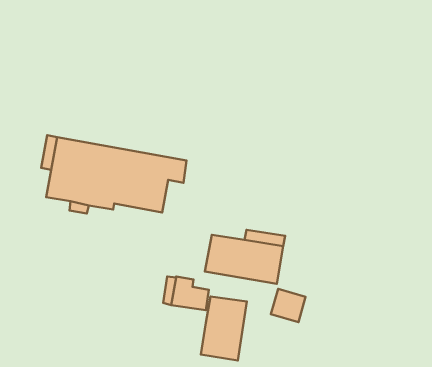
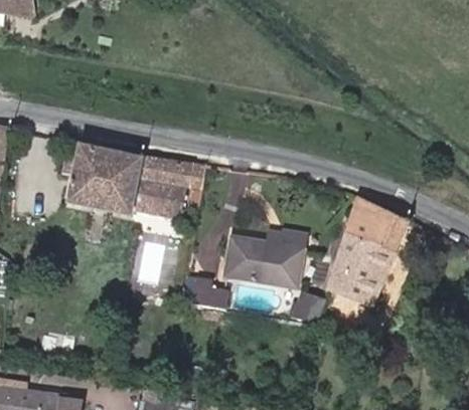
building: none -> [328,198,406,302]
building: [201,296,247,360] -> none

